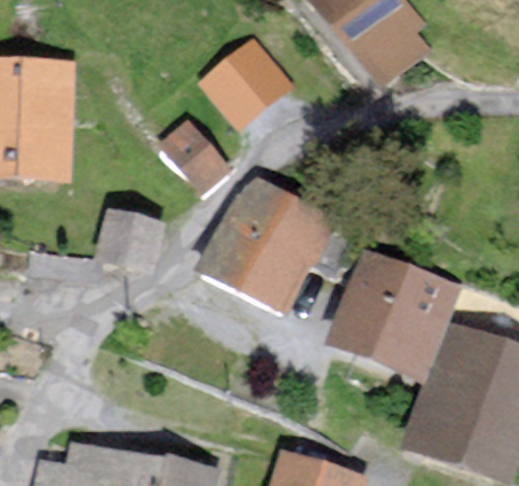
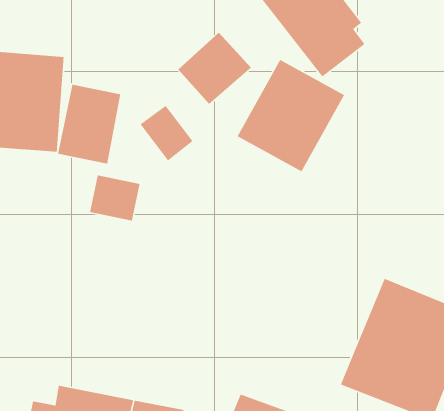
building: none -> [57,84,121,164]
building: [210,170,335,301] -> [237,59,345,173]
building: [320,247,459,389] -> none

